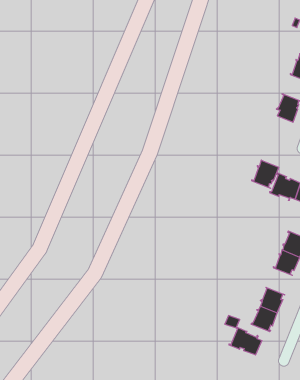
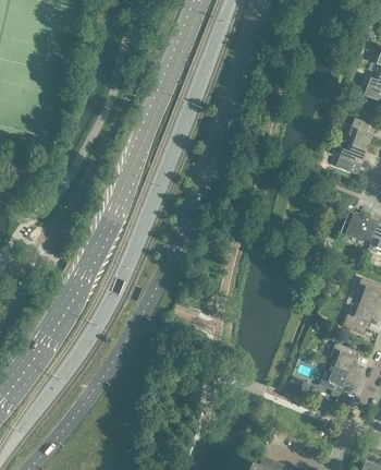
building: [252,160,279,188] -> [336,142,368,174]
building: [229,327,262,355] -> none

